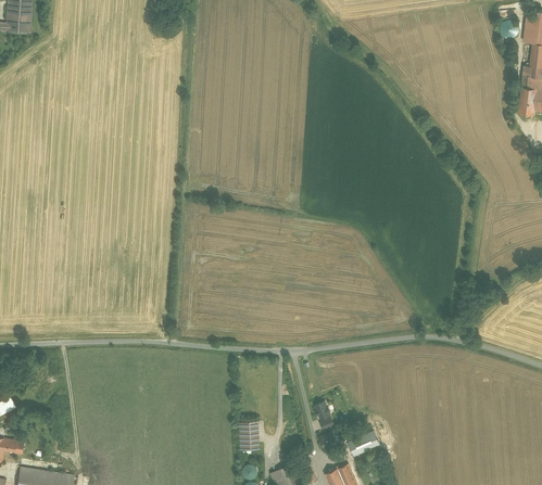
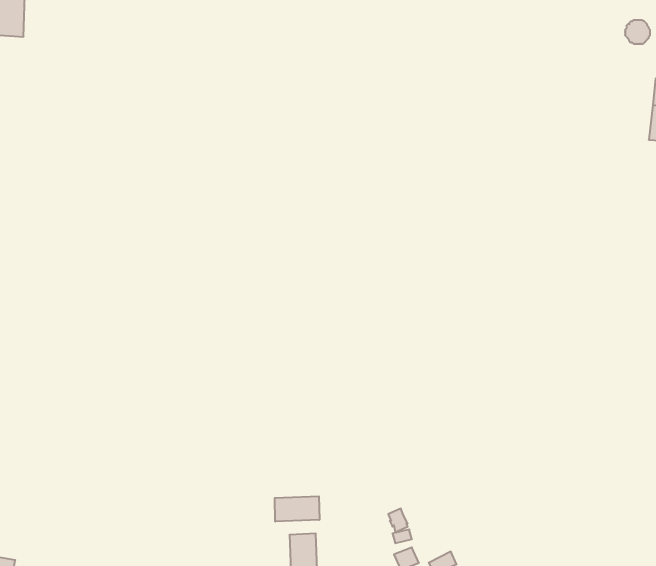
building: none -> [275,496,319,522]

